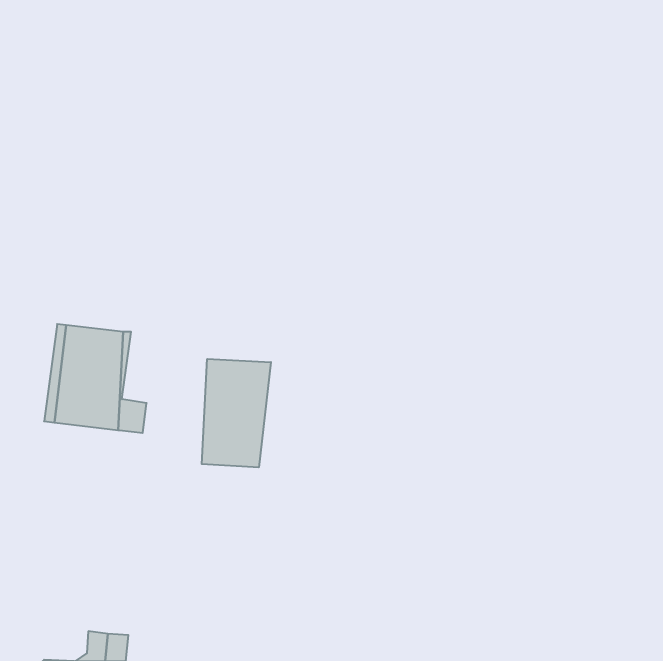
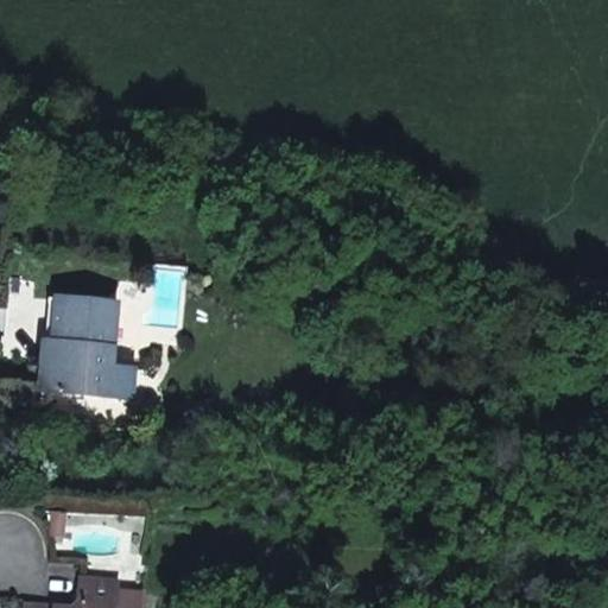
building: [202,359,271,467] -> none

